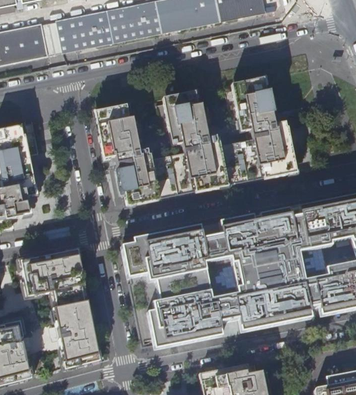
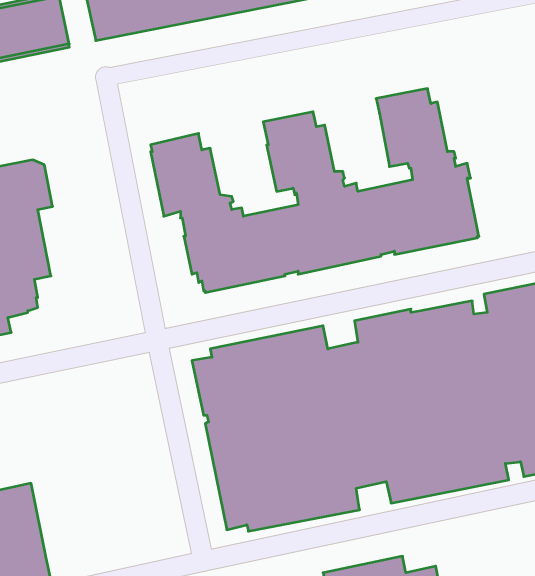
building: [20,249,100,369] -> none

